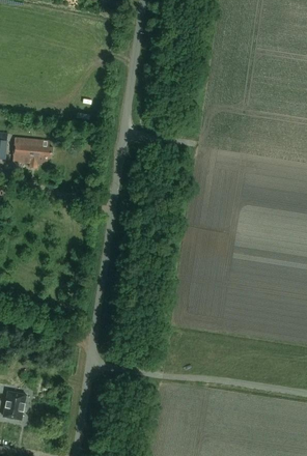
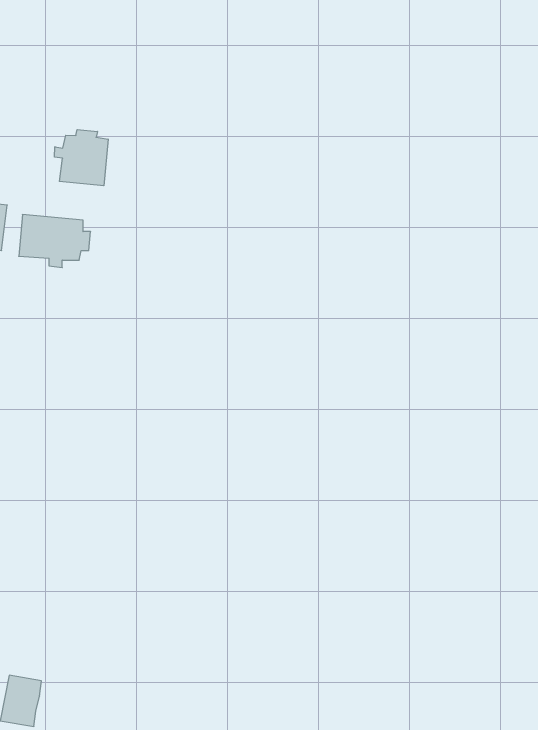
building: none -> [55,130,108,186]

